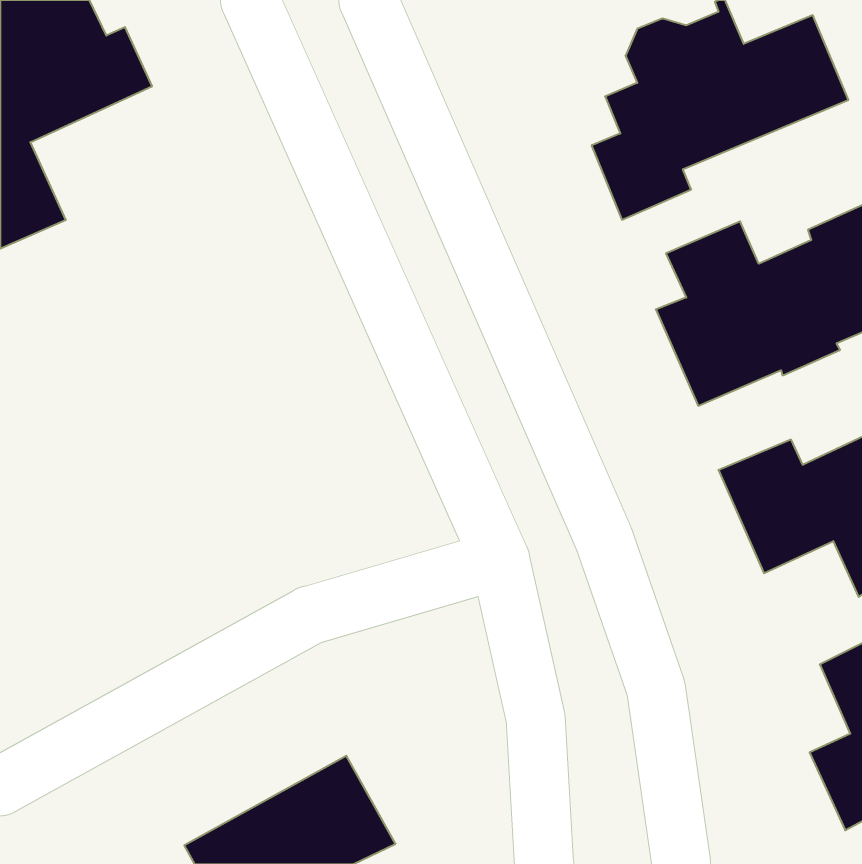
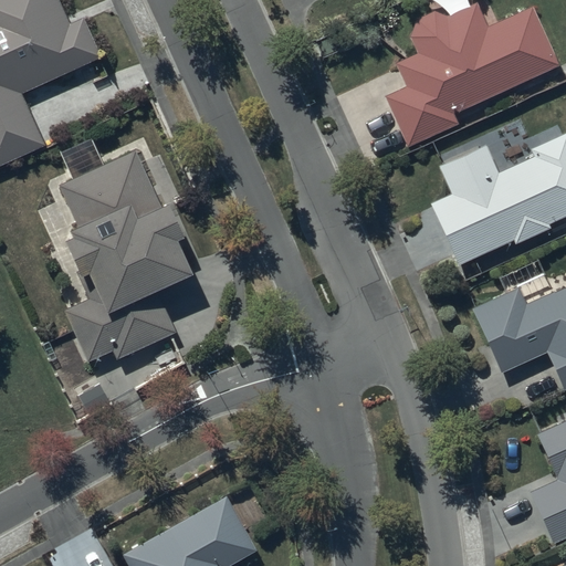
building: none -> [60,140,193,364]

